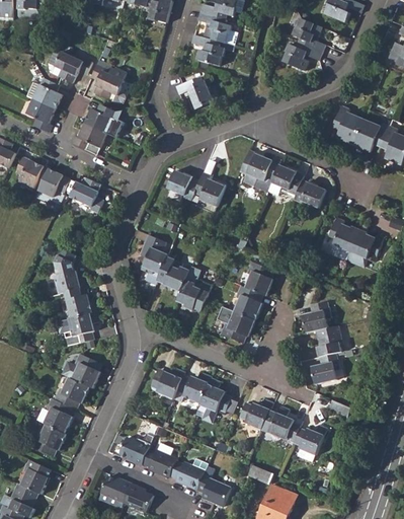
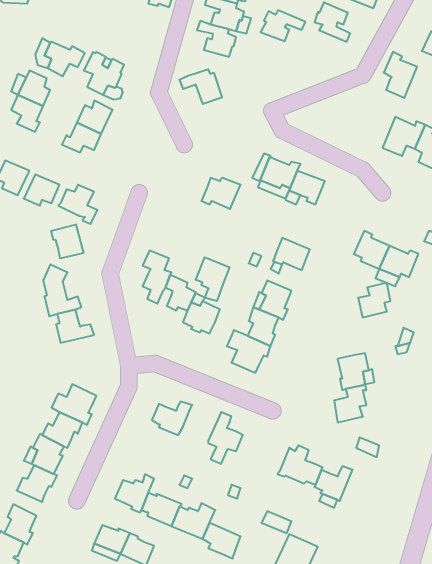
building: [281,42,321,69] -> [260,10,305,41]
building: [334,104,363,145] -> [384,52,417,98]
building: [167,169,198,200] -> none
building: [292,179,324,208] -> [273,238,310,270]
building: none -> [51,224,83,258]
building: none -> [196,257,230,301]
building: [301,302,329,332] -> [358,283,390,317]
building: [56,310,98,345] -> none
building: [177,371,211,402] -> none
building: [239,398,272,429] -> none

